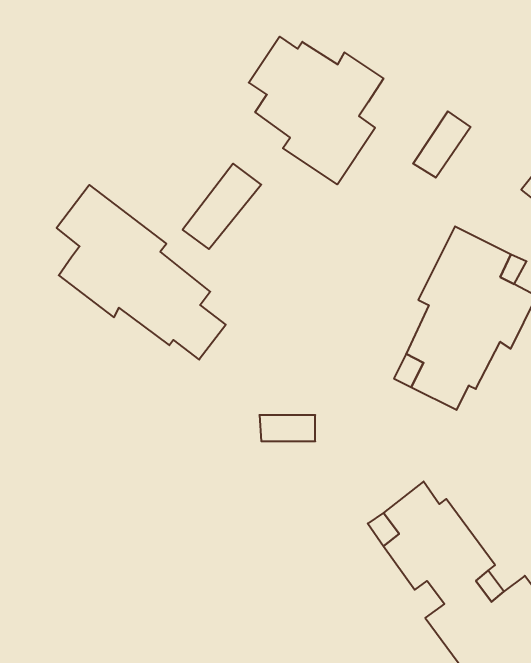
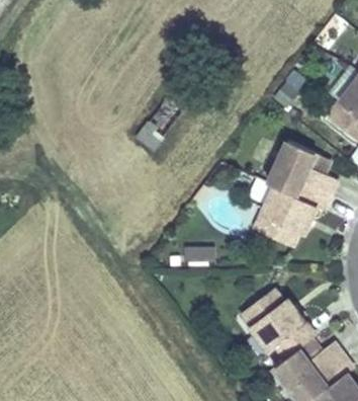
building: [249,37,383,184] -> none
building: [57,185,226,360] -> none

